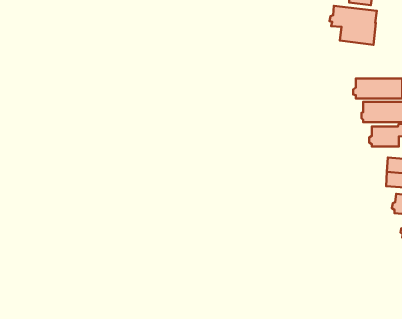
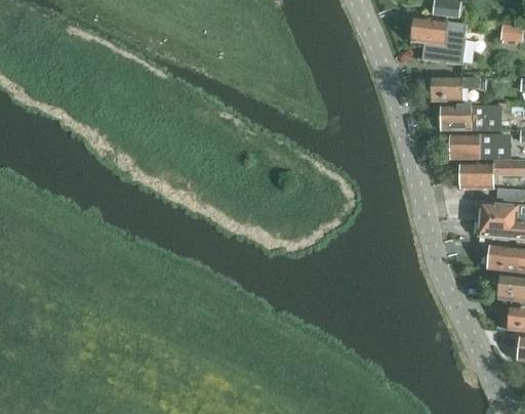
building: none -> [429,77,479,101]

